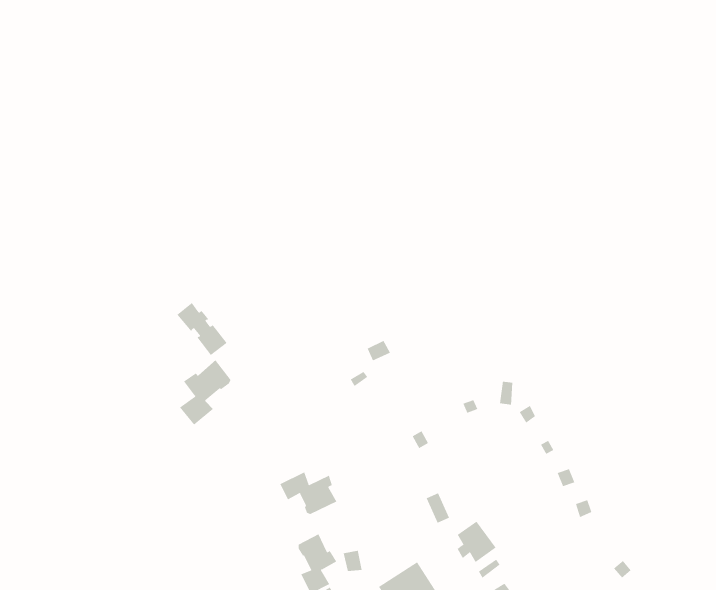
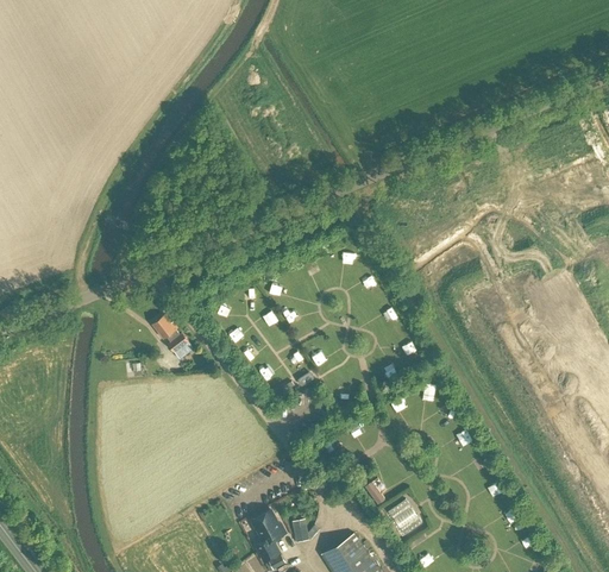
building: [179,360,231,425] -> none
building: [280,472,337,515] -> none

